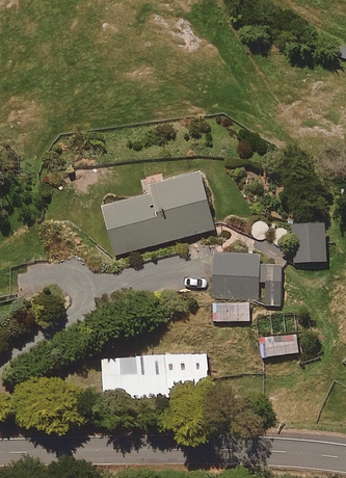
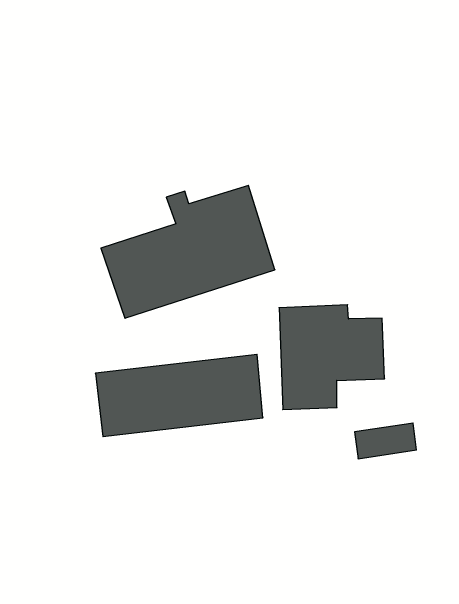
building: [293,222,325,261] -> none
building: [101,352,208,399] -> [95,354,263,437]

